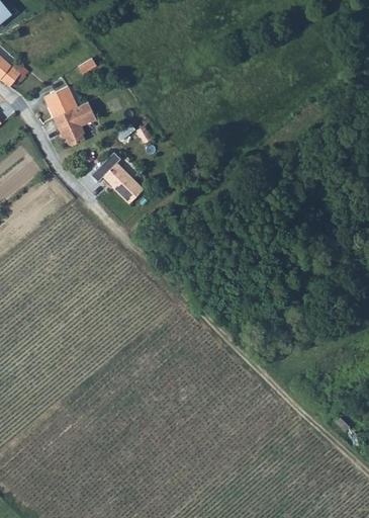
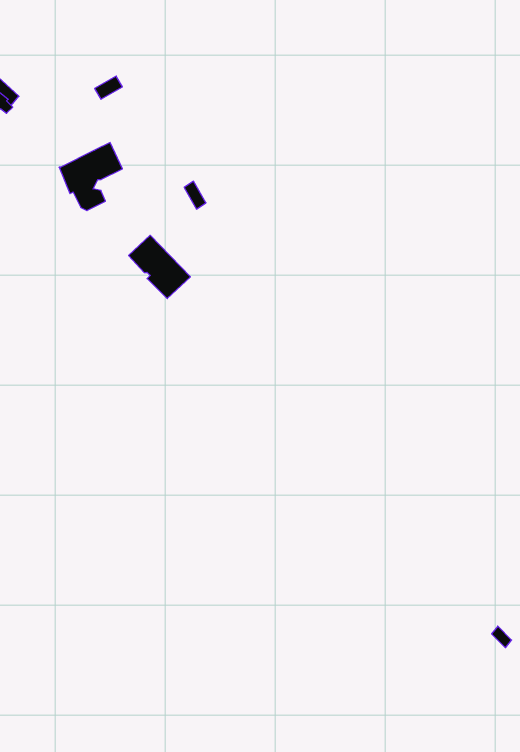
building: [44,86,78,117] -> none

